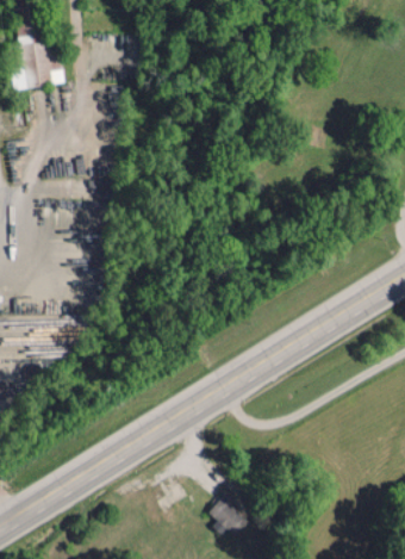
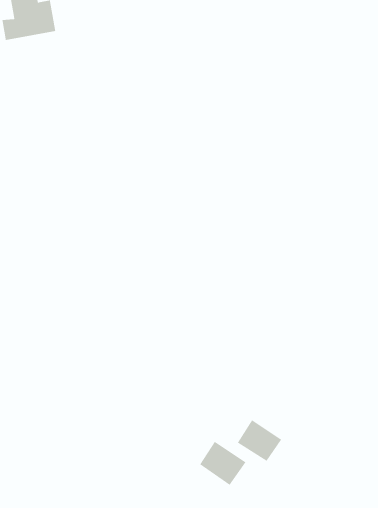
building: none -> [237,419,282,462]

